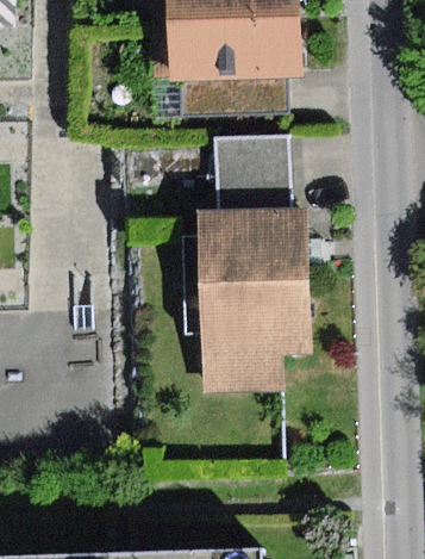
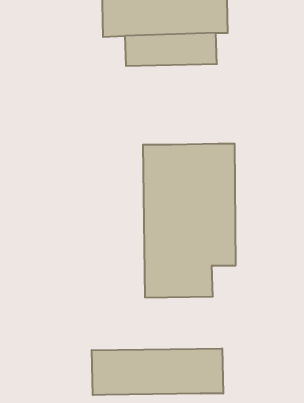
building: [214,138,288,211] -> none
building: none -> [92,348,223,395]

